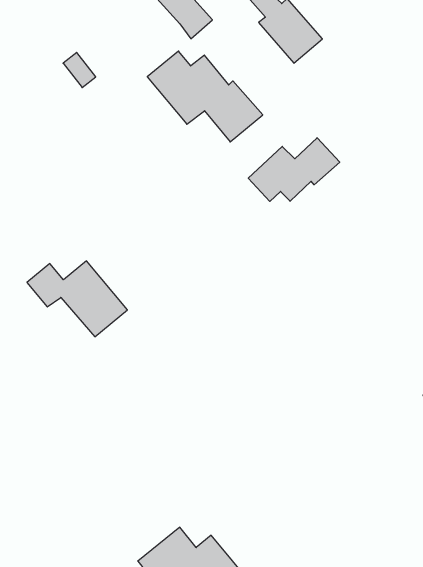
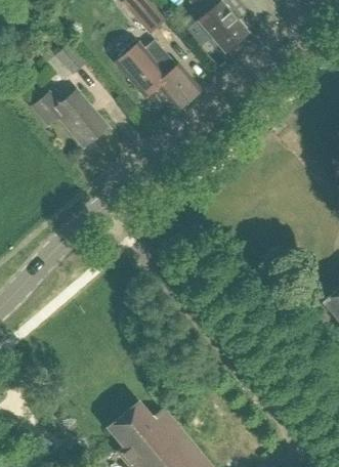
building: [248,138,340,201] -> none
building: [27,261,127,337] -> [33,91,109,148]

